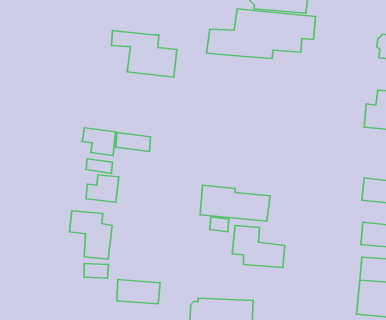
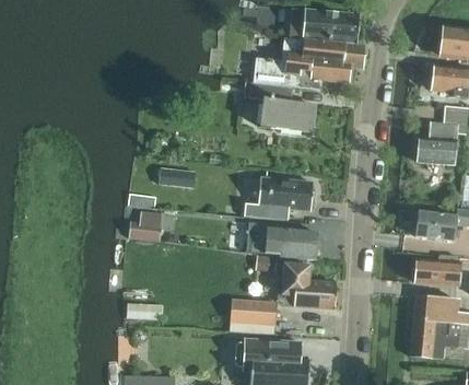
building: [111,31,177,77] -> [243,83,310,131]
building: [82,128,116,156] -> none
building: none -> [243,176,312,219]
building: [70,211,112,259] -> none
building: [117,280,160,304] -> [231,299,275,324]

